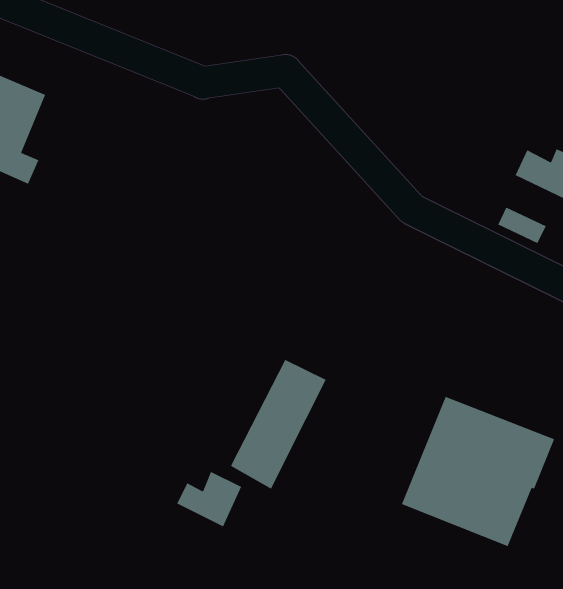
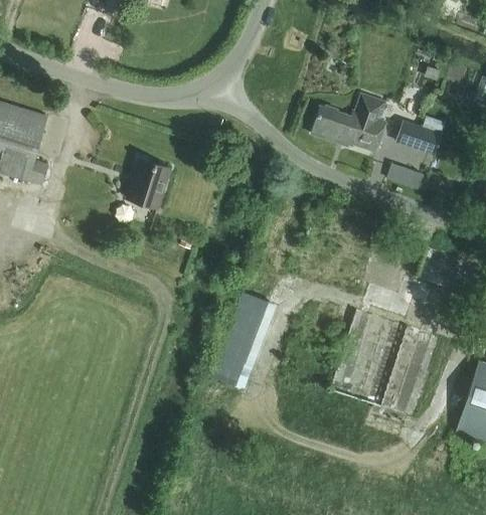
building: none -> [310,94,385,151]
building: none -> [124,157,170,210]
building: [176,471,242,528] -> none

